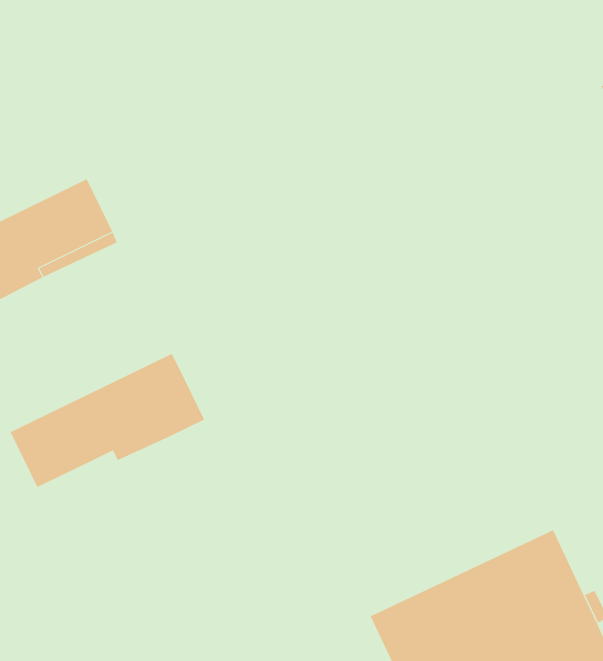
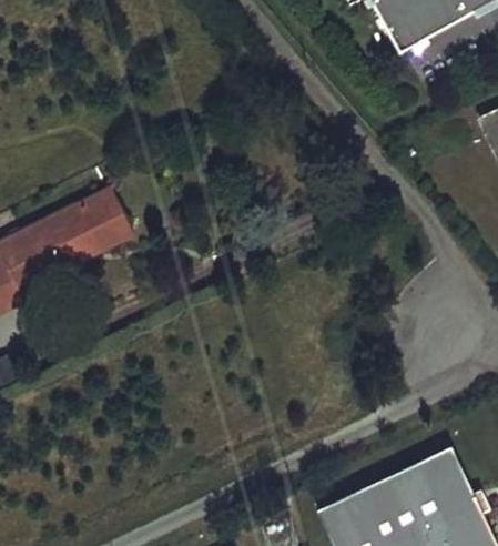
building: [10,353,205,488] -> none

